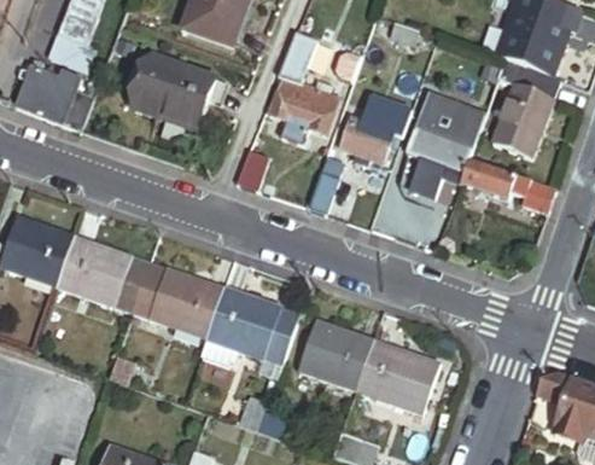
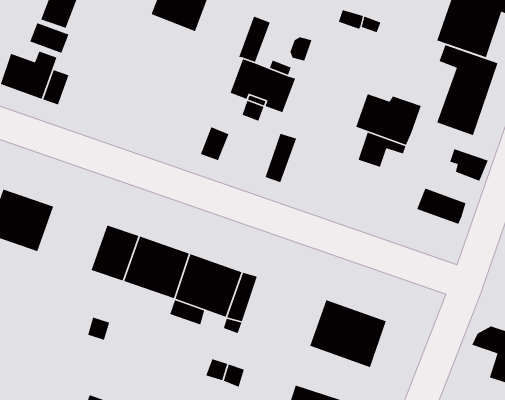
building: [134,53,216,129] -> none
building: [419,91,485,127] -> none
building: [342,93,409,161] -> none
building: [459,157,514,198] -> [416,188,466,225]
building: [56,238,132,309] -> none
building: [297,321,373,393] -> none

